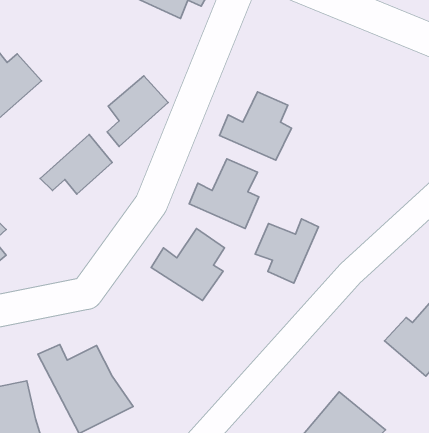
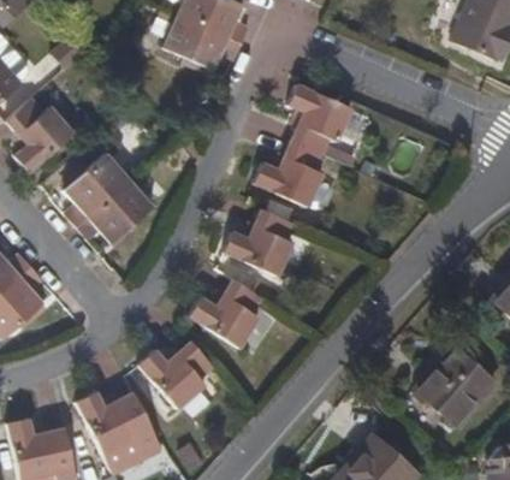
building: none -> [289,87,355,154]
building: [107,76,168,147] -> [65,156,125,226]
building: [255,219,318,283] -> none
building: none -> [137,338,210,409]

